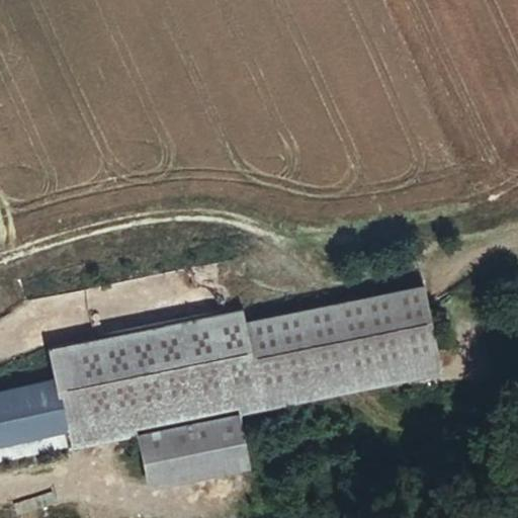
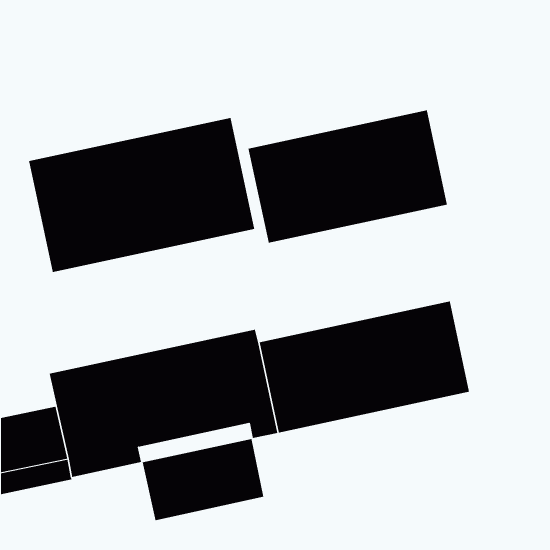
building: none -> [248,110,448,244]
building: none -> [28,117,255,273]

